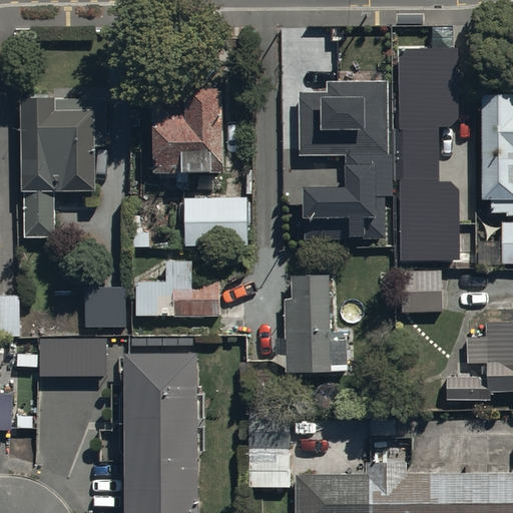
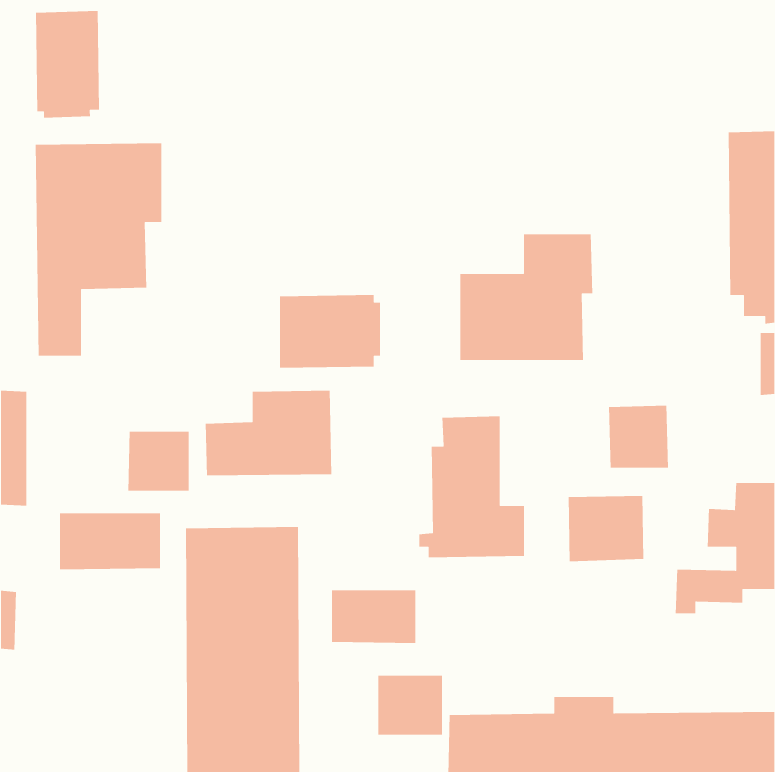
building: none -> [35,10,100,118]
building: [395,51,460,263] -> none
building: [299,81,389,154] -> none
building: [154,83,223,170] -> none
building: none -> [568,495,644,562]
building: none -> [331,589,416,644]

